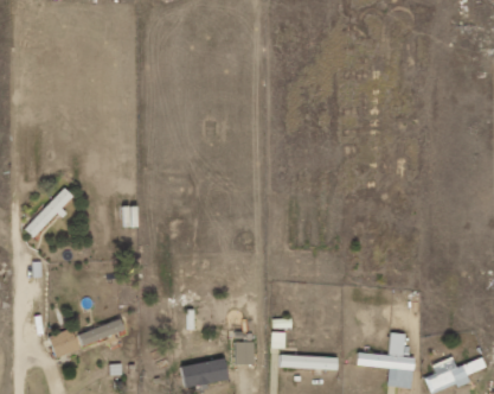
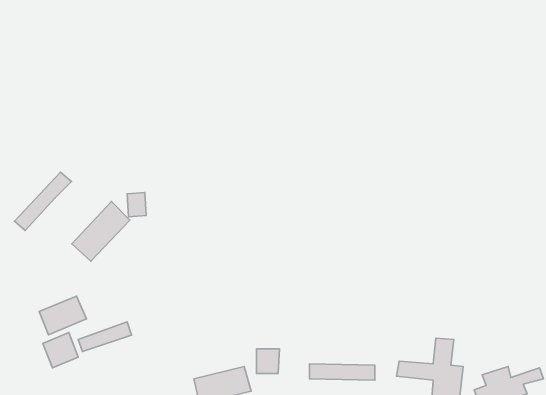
building: none -> [72,201,130,261]
building: none -> [39,296,86,335]

